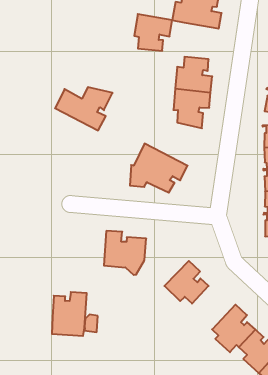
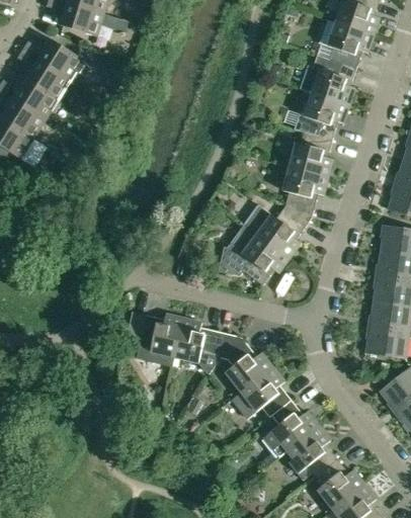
building: [134,14,172,51] -> [302,93,348,140]
building: [55,87,113,130] -> [242,204,311,258]
building: none -> [221,334,271,392]
building: none -> [260,400,317,450]
building: [52,292,87,336] -> [135,314,182,366]

